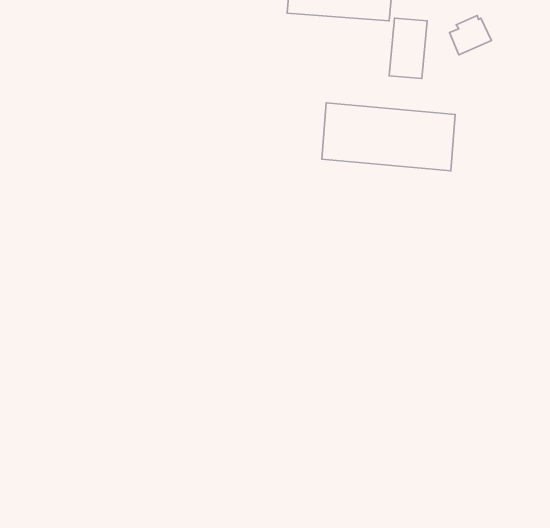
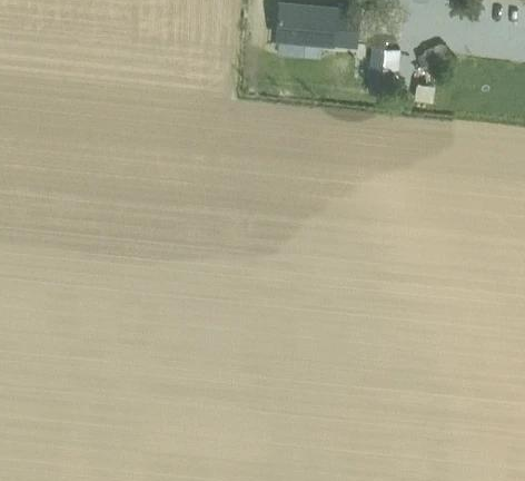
building: [322,103,455,171] -> none

